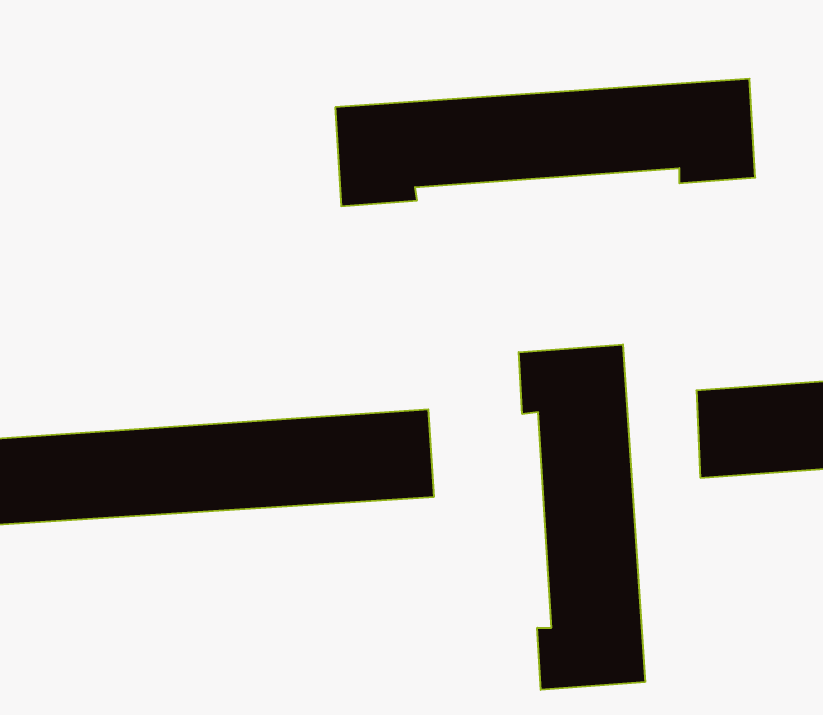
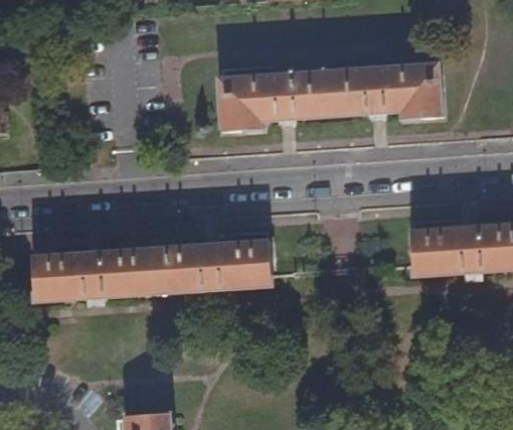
building: [519,344,645,690] -> none

